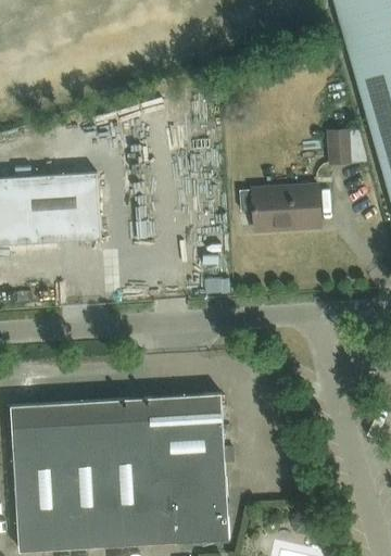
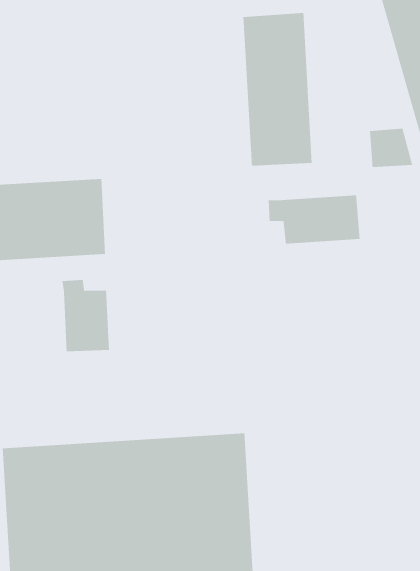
building: none -> [243,12,313,167]
building: none -> [62,279,110,352]

